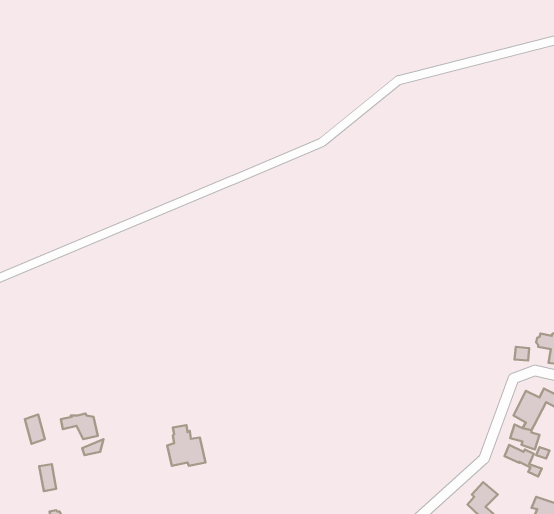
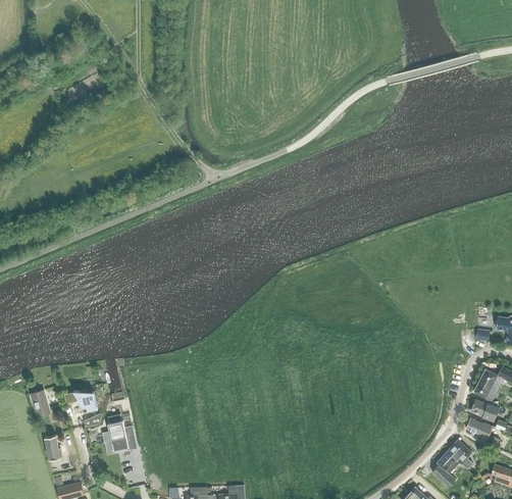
building: [167,425,206,466] -> [103,414,138,451]
building: none -> [447,439,473,468]

